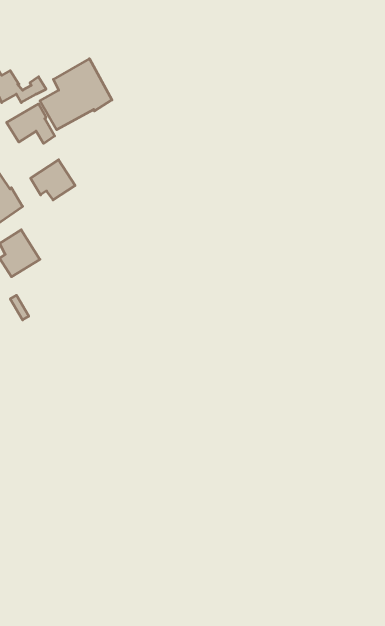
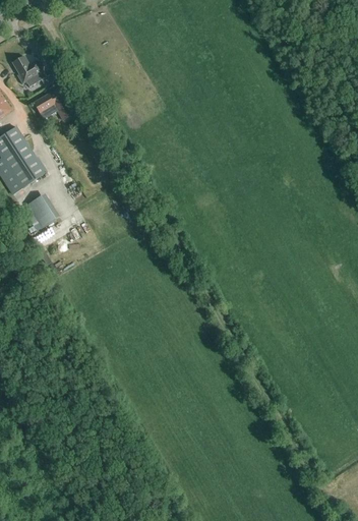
building: [40,59,112,130] -> none
building: [31,160,75,200] -> none

